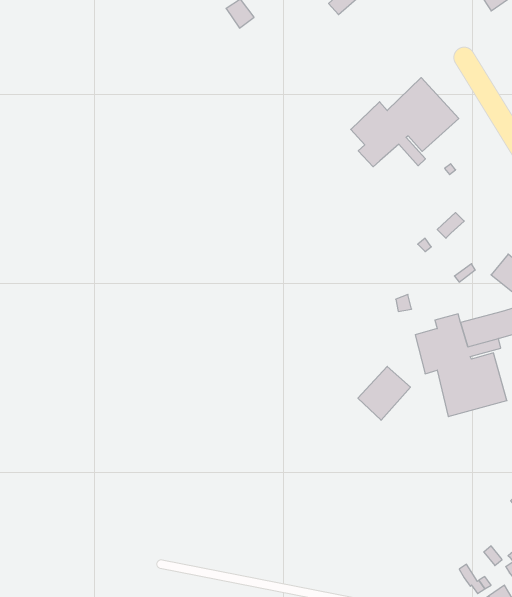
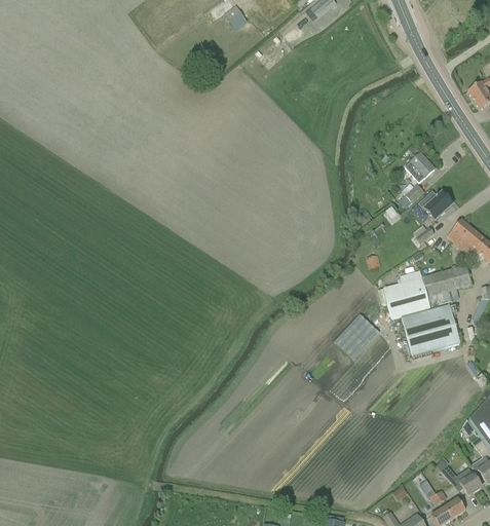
building: [351,78,459,167] -> none
building: none -> [405,152,435,182]
building: none -> [419,191,453,220]

